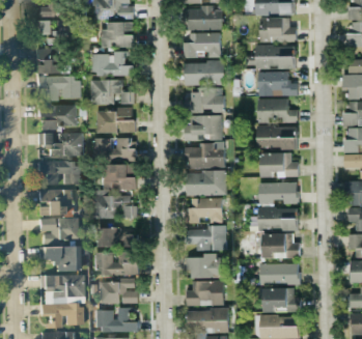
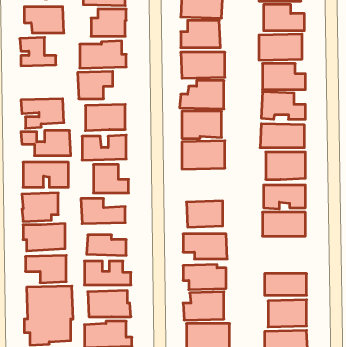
building: [37,76,80,101] -> none
building: [186,170,226,195] -> none
building: [262,233,300,258] -> none

